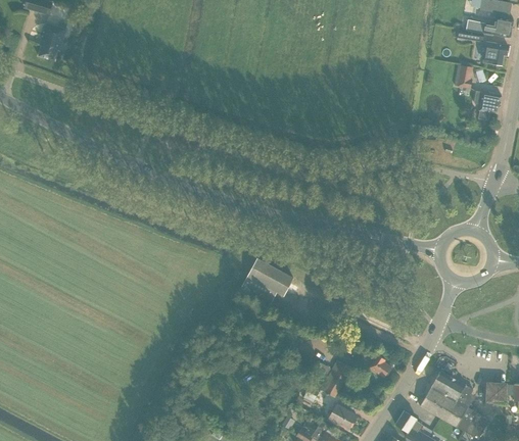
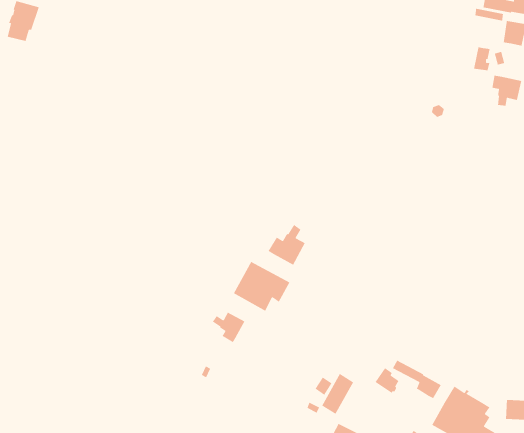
building: none -> [268,224,306,266]
building: none -> [212,311,246,343]
building: none -> [392,359,442,399]

